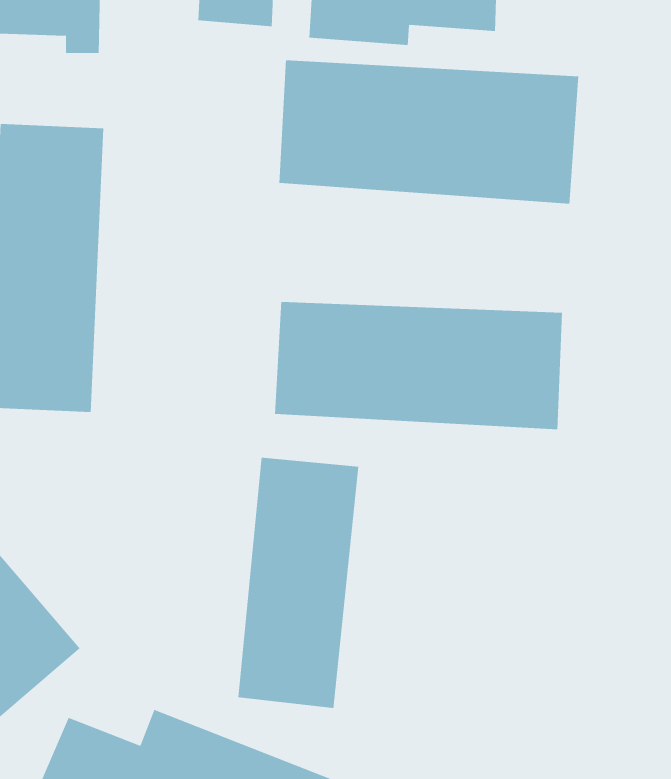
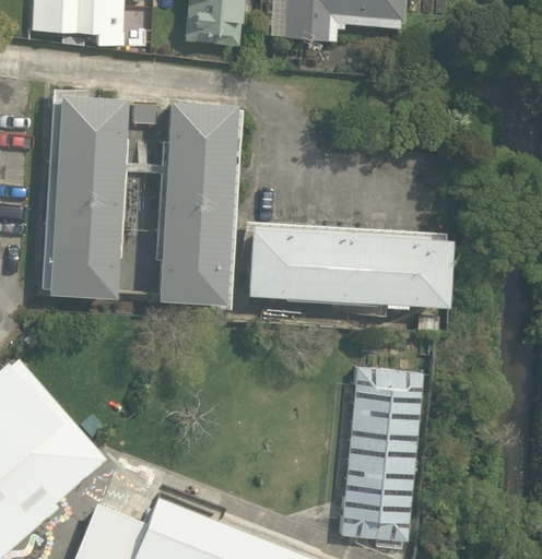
building: [279,60,579,205] -> none
building: none -> [157,102,238,304]
building: [237,457,359,708] -> [342,367,427,543]

